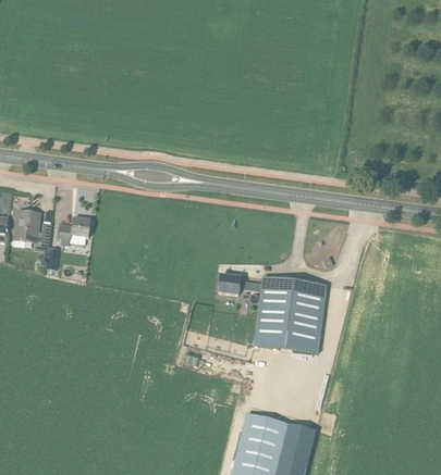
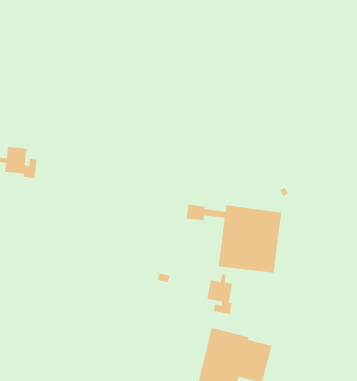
building: [58,216,90,243] -> none
building: none -> [207,274,233,315]

